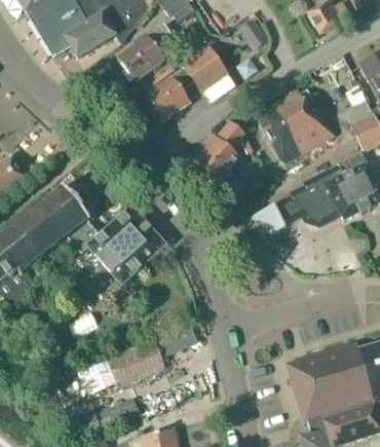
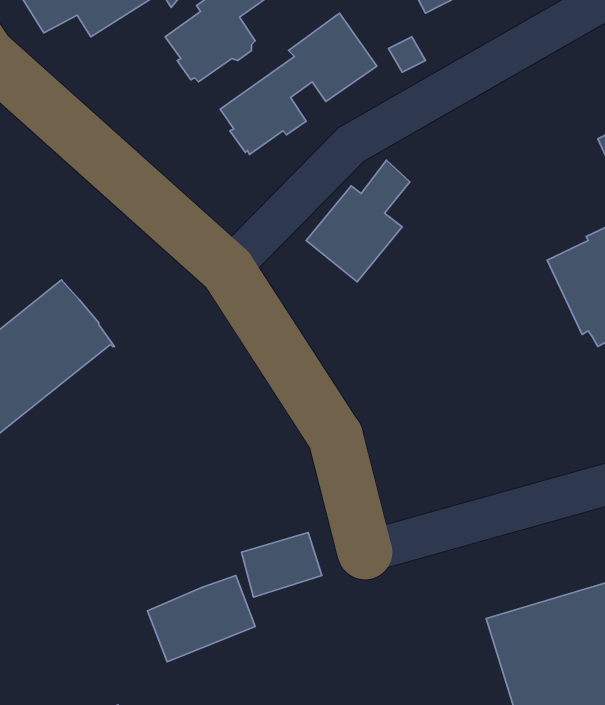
building: [256,88,332,163] -> none
building: [252,175,340,230] -> none
building: [67,206,164,284] -> none

